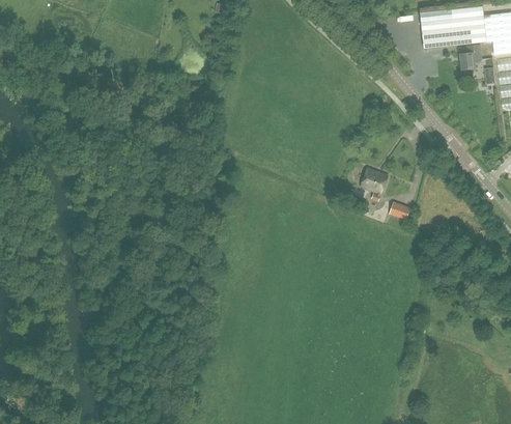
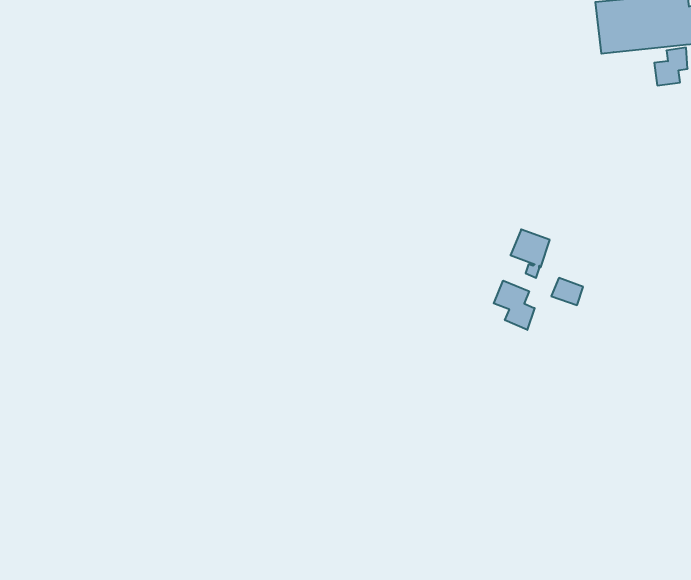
building: none -> [494,281,535,330]

